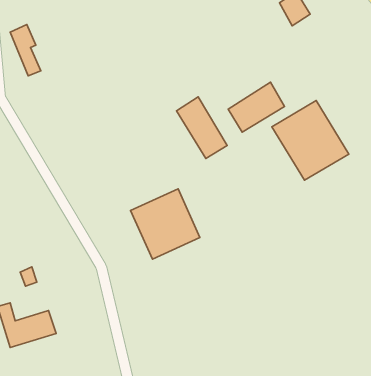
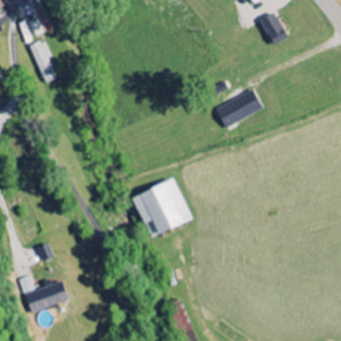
building: [177,97,227,158] -> none
building: [272,100,349,180] -> none

